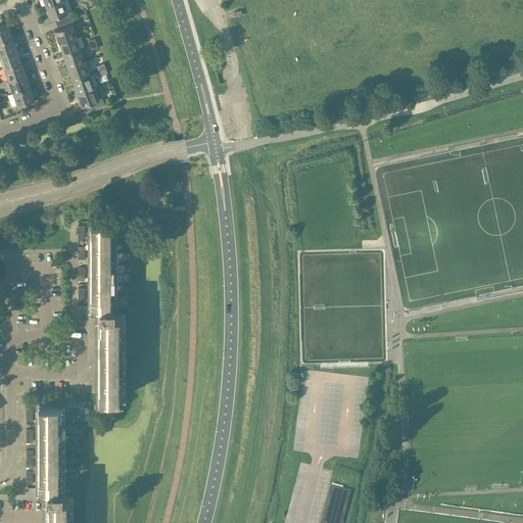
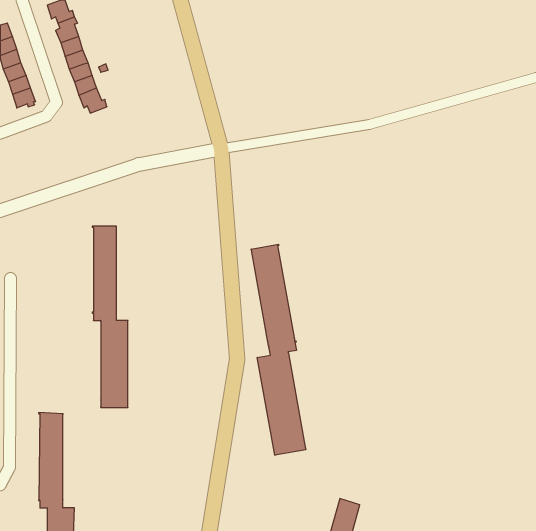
building: none -> [251,244,306,455]

